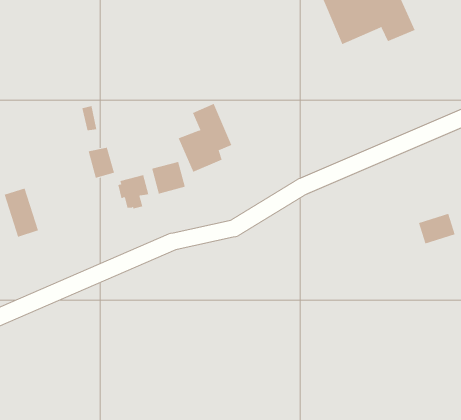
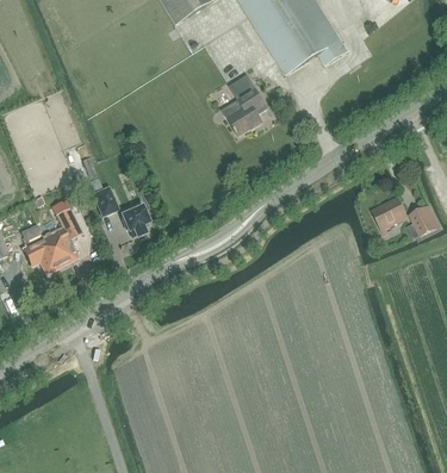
building: [178,103,232,172] -> [221,74,266,133]
building: [151,161,185,195] -> none
building: none -> [45,206,81,264]

